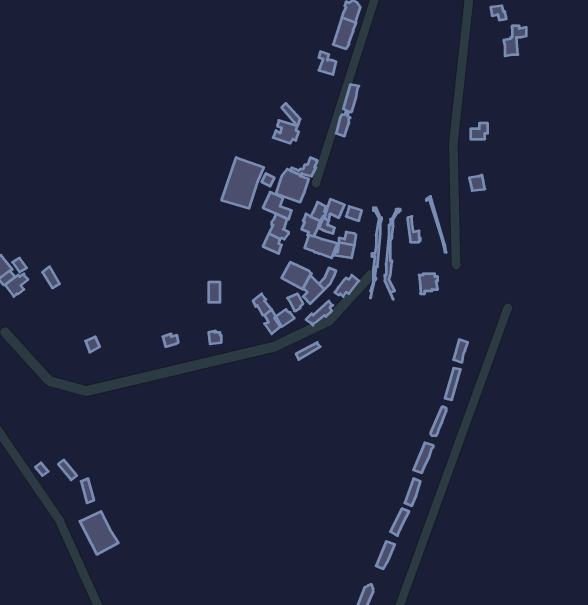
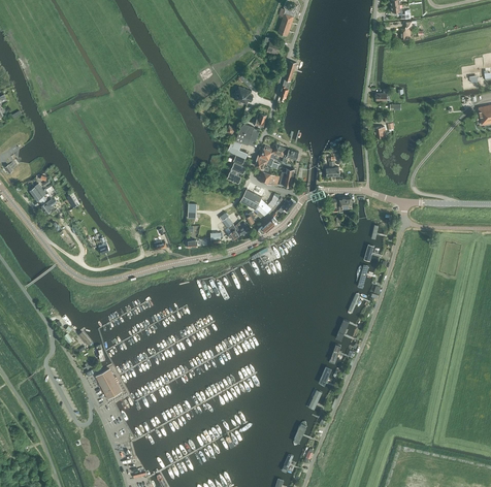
building: [222,157,264,208] -> none

